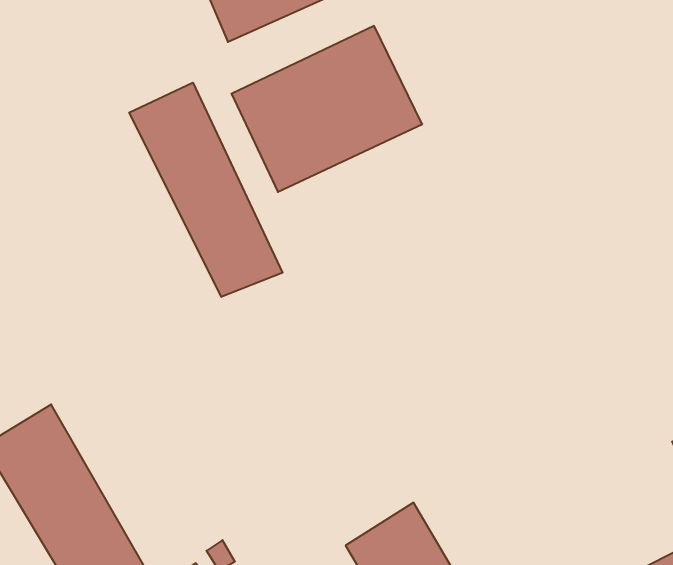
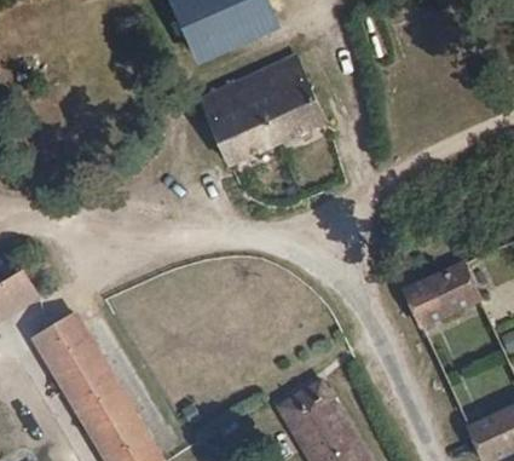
building: [129,83,283,297] -> none
building: none -> [402,260,483,329]

